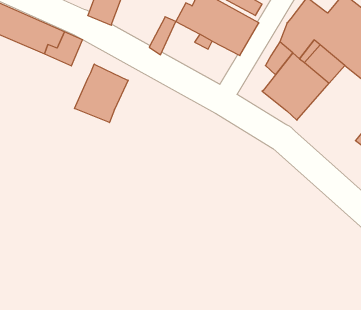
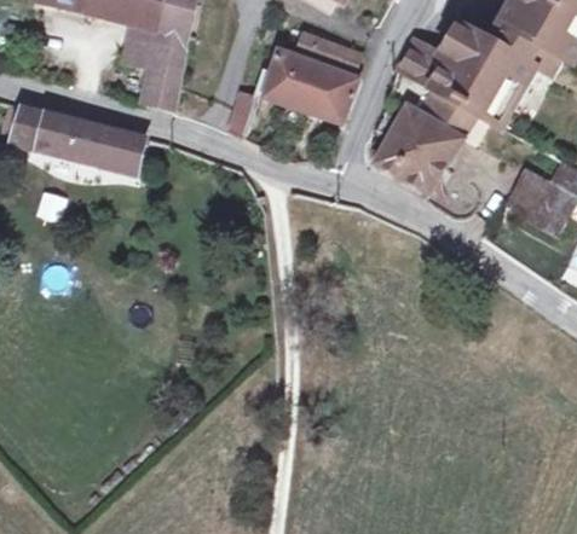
building: [75,64,128,123] -> none

